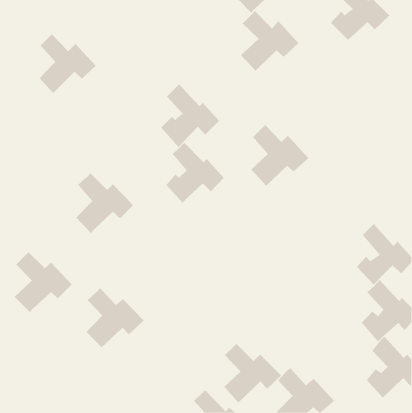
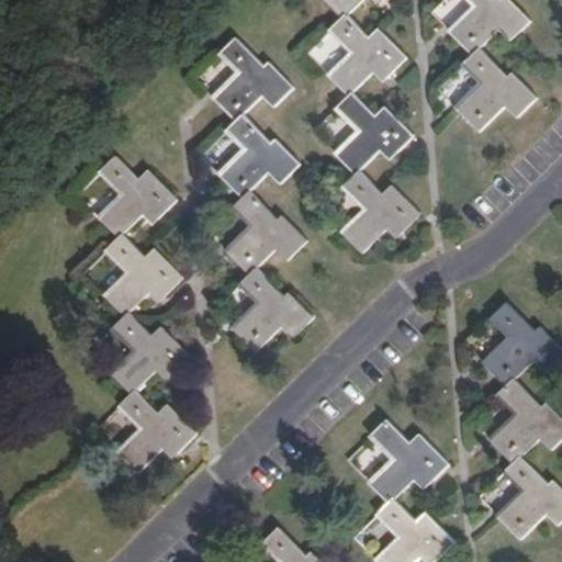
building: none -> [211,37,291,121]
building: [39,33,97,94] -> [98,156,176,238]
building: none -> [454,47,535,132]
building: none -> [333,91,411,173]
building: none -> [231,267,312,352]
building: [14,251,72,313] -> [109,311,188,394]
building: [224,343,282,403] -> [368,420,447,502]

